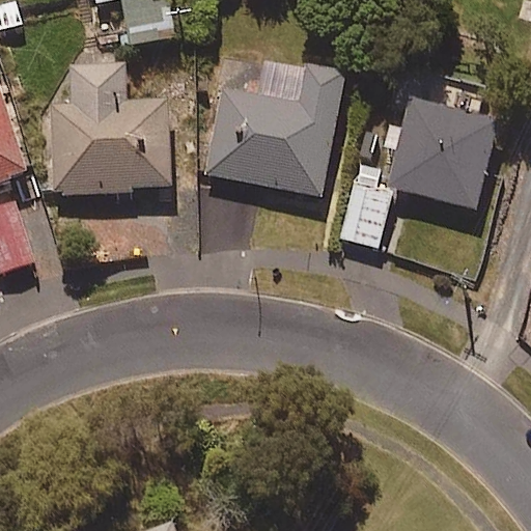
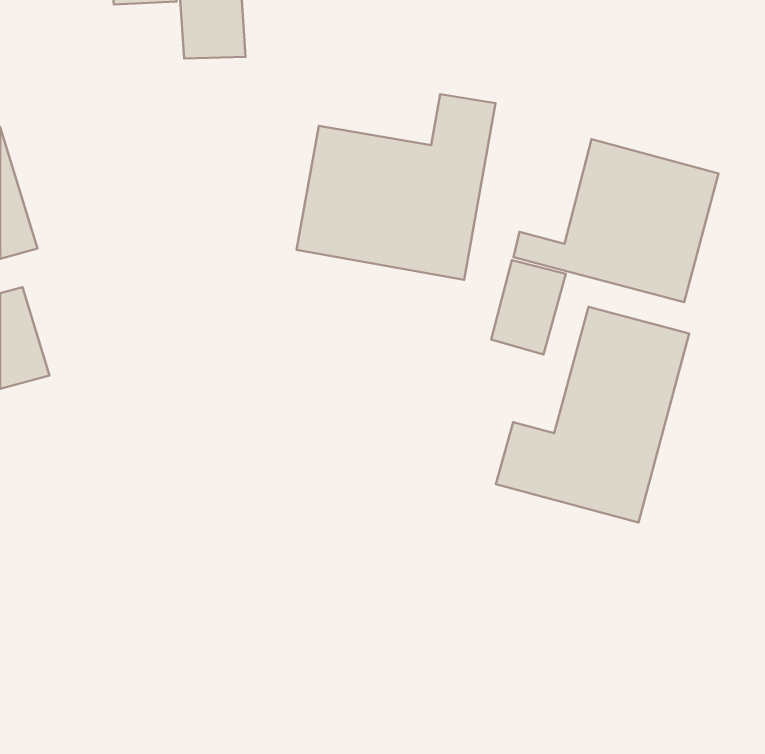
building: [51,48,170,193] -> none
building: none -> [496,307,689,522]

